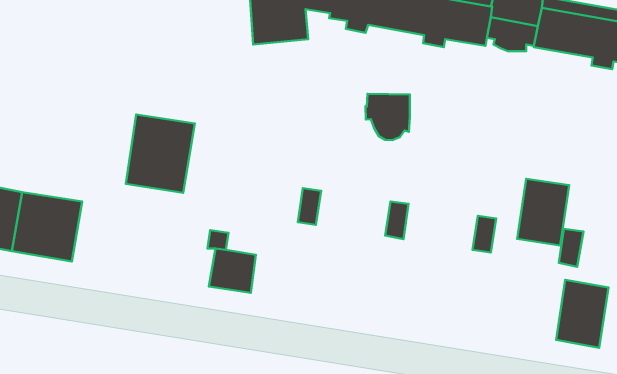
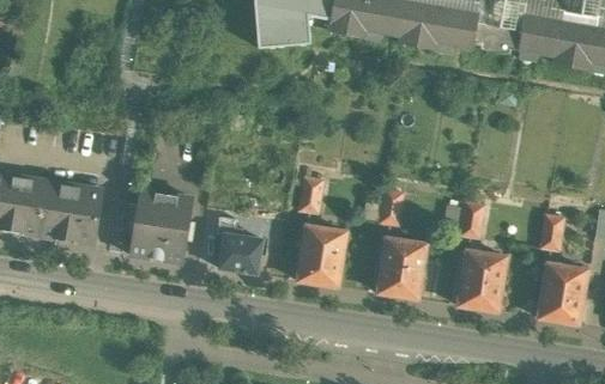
building: [366,94,410,140] -> none
building: [126,114,195,193] -> [129,190,193,262]
building: [517,179,569,245] -> [458,250,506,311]
building: none -> [297,225,345,286]
building: none -> [376,237,425,299]

